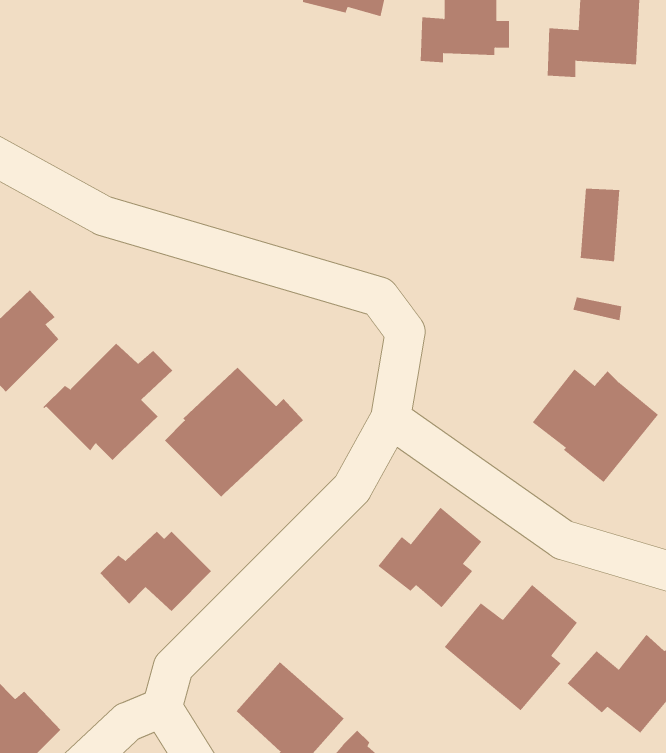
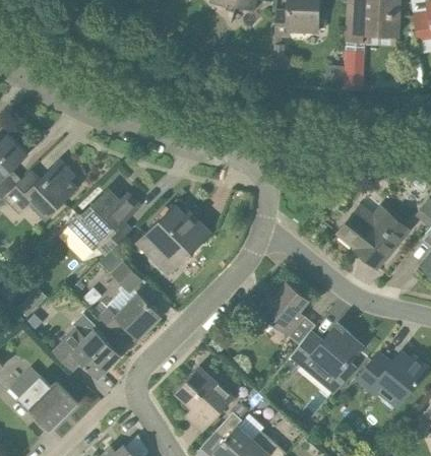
building: [580,188,620,262] -> [343,50,365,90]
building: none -> [99,250,142,292]
building: none -> [53,328,121,378]

